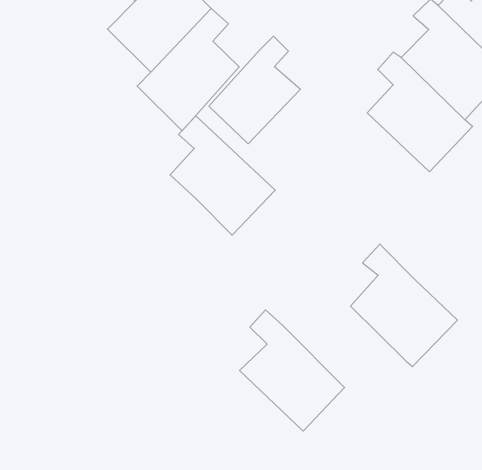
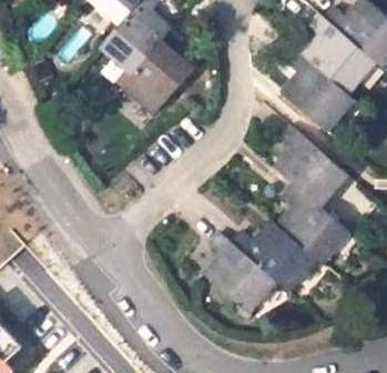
building: [209,36,300,144] -> none
building: [170,116,275,235] -> [275,128,347,208]
building: none -> [231,222,316,294]

